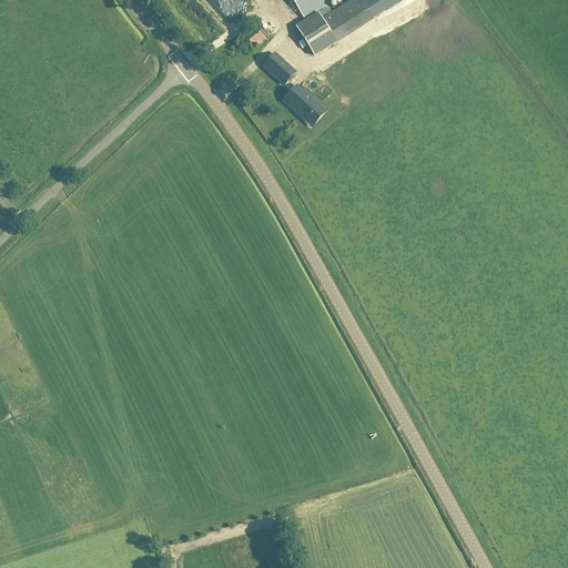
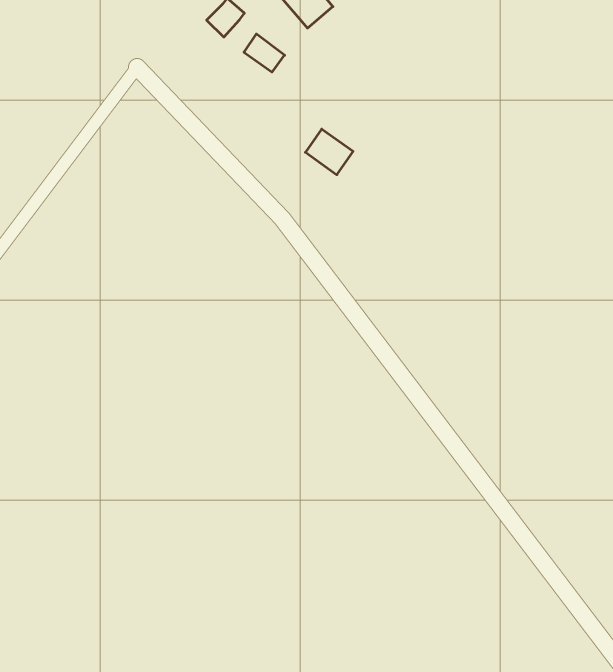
building: [285,83,321,119] -> [305,129,353,175]

